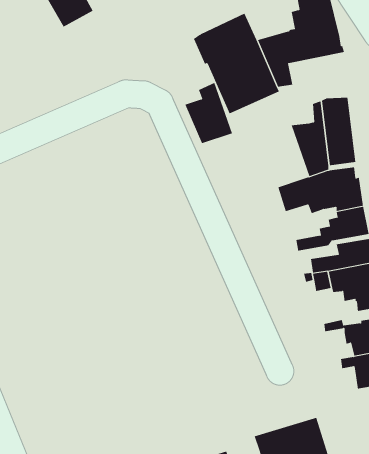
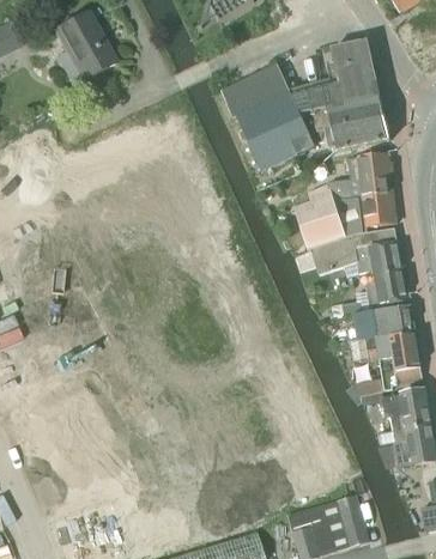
building: none -> [323,105,389,151]
building: [185,82,233,144] -> [293,183,345,249]

